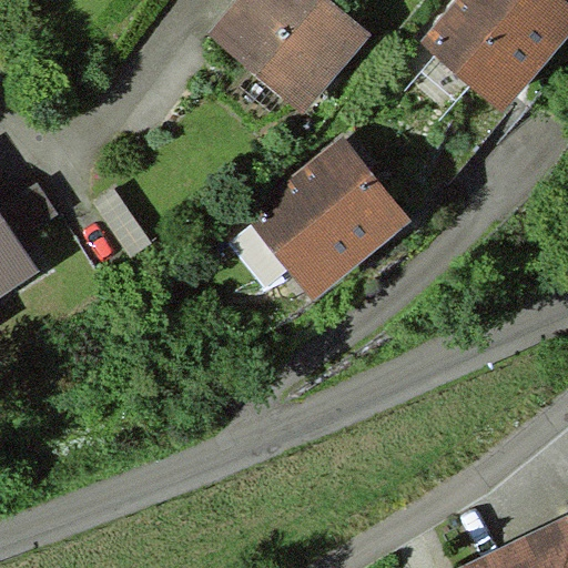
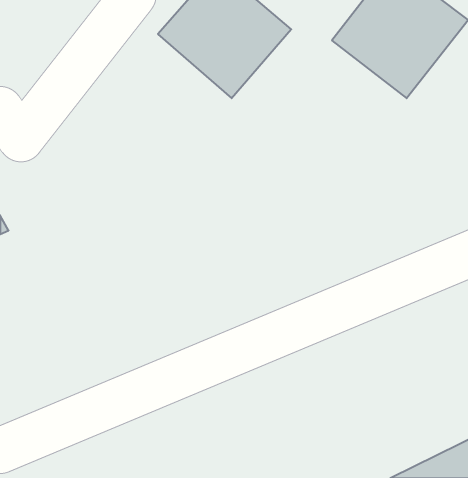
building: [239,145,396,298] -> none

